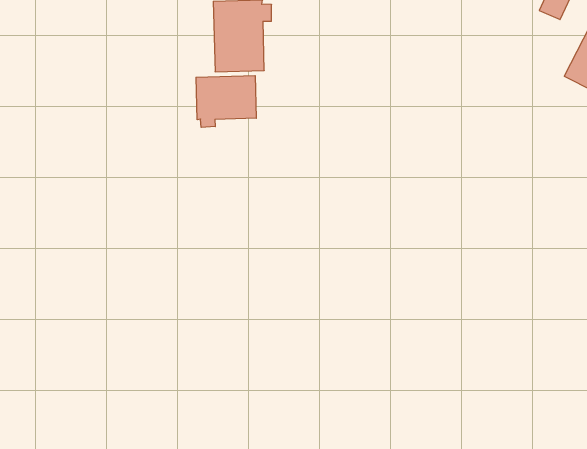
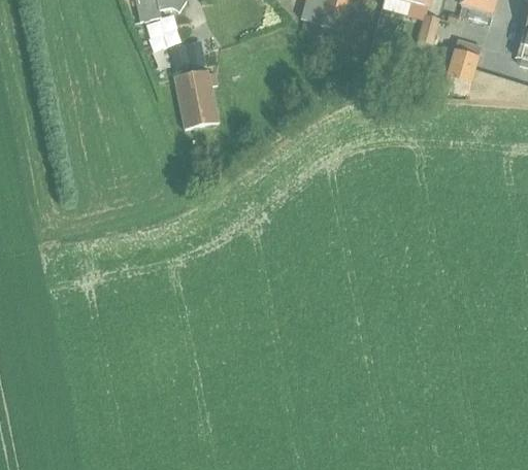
building: [196,76,256,127] -> none

